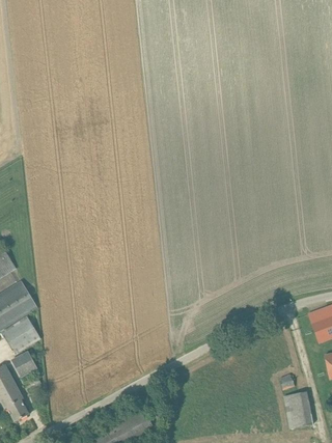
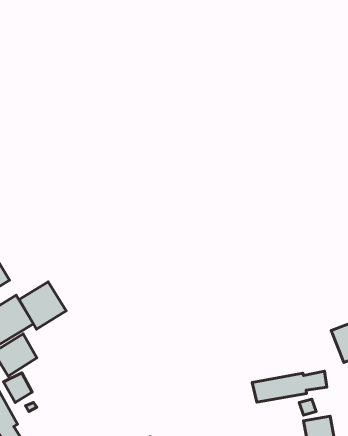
building: none -> [19,282,66,329]
building: none -> [252,371,327,402]

